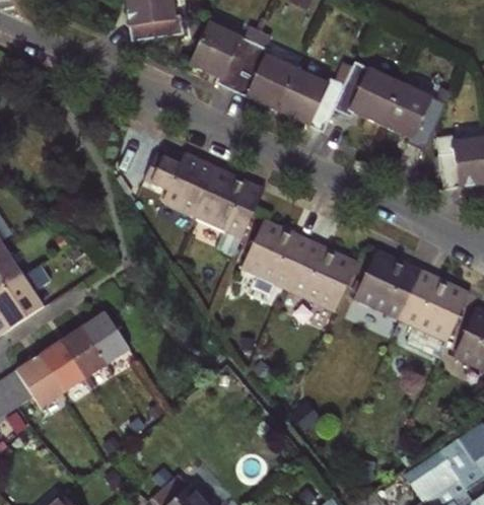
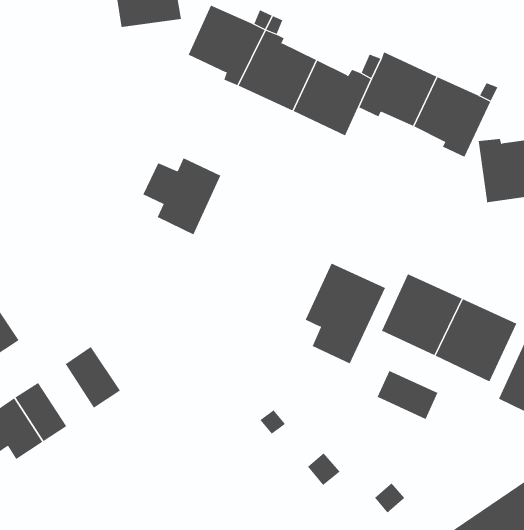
building: [194,166,264,238] -> none
building: [240,219,310,289] -> none
building: [62,327,109,379] -> none
building: none -> [377,370,438,420]

